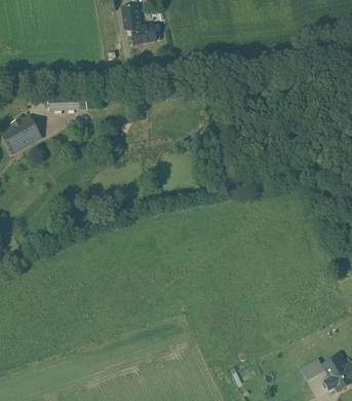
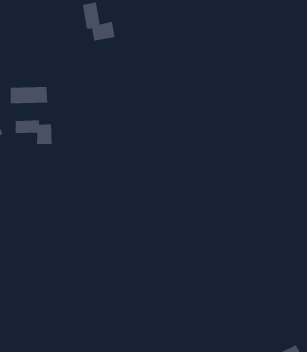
building: none -> [15,119,52,145]

